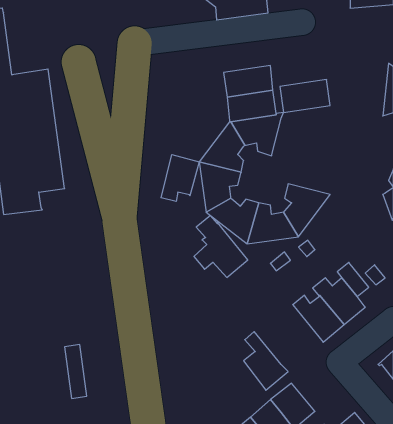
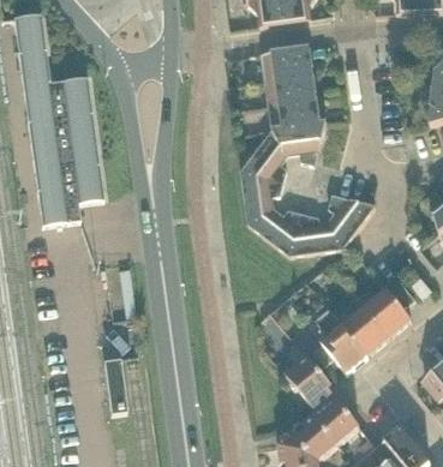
building: [280,80,330,112] -> [262,44,313,78]
building: [161,155,199,201] -> none
building: [194,215,248,277] -> [312,309,367,372]

